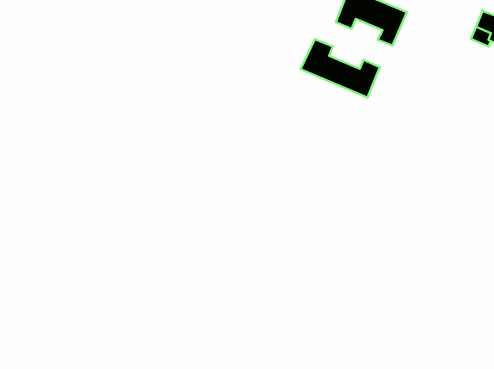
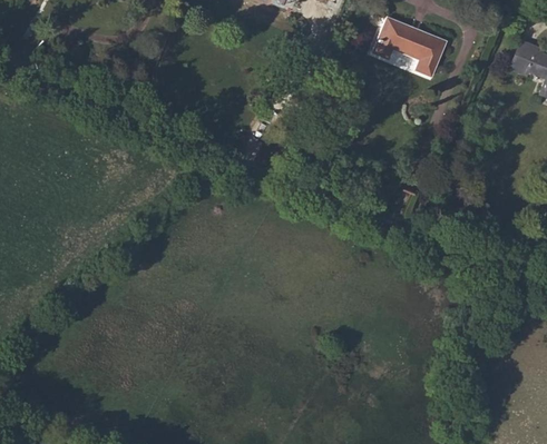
building: [301,39,380,98] -> none

